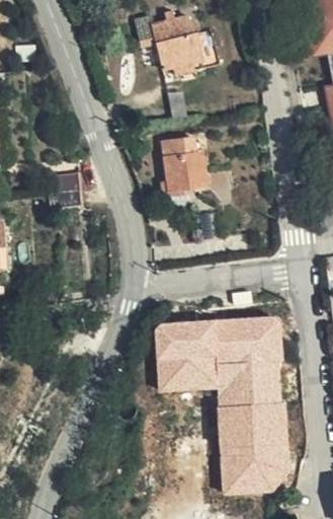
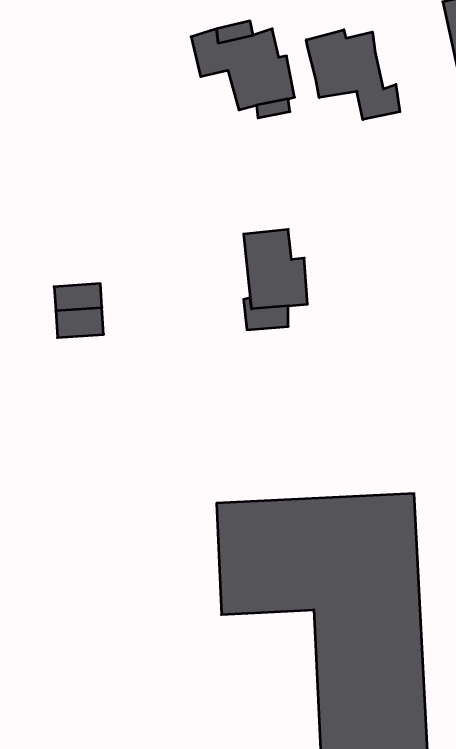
building: none -> [306,30,400,120]

